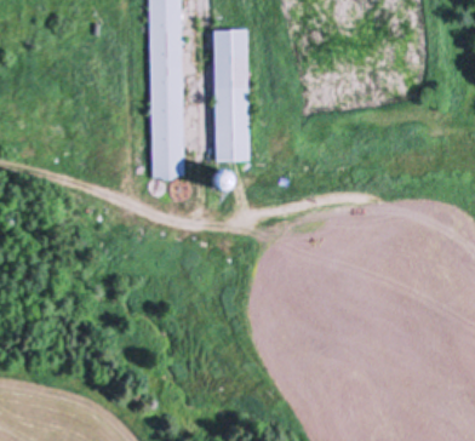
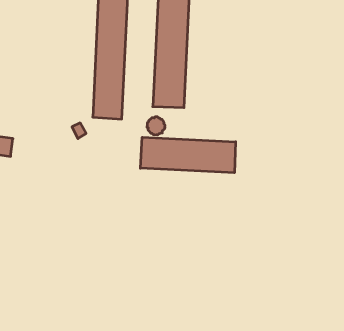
building: none -> [140,137,236,173]

